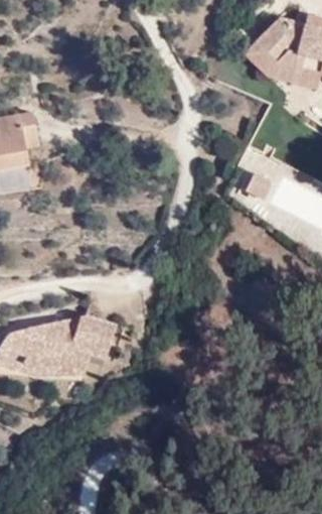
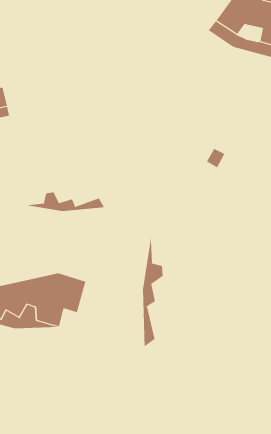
building: none -> [22,192,105,212]
building: none -> [142,234,163,348]

